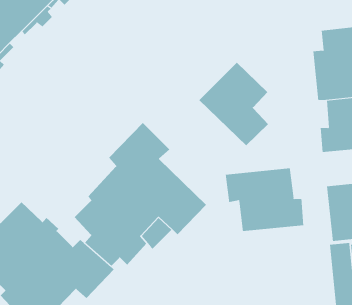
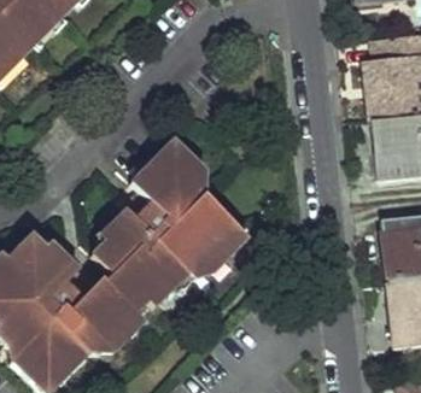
building: [199,62,269,146] -> none
building: [225,167,304,232] -> none

